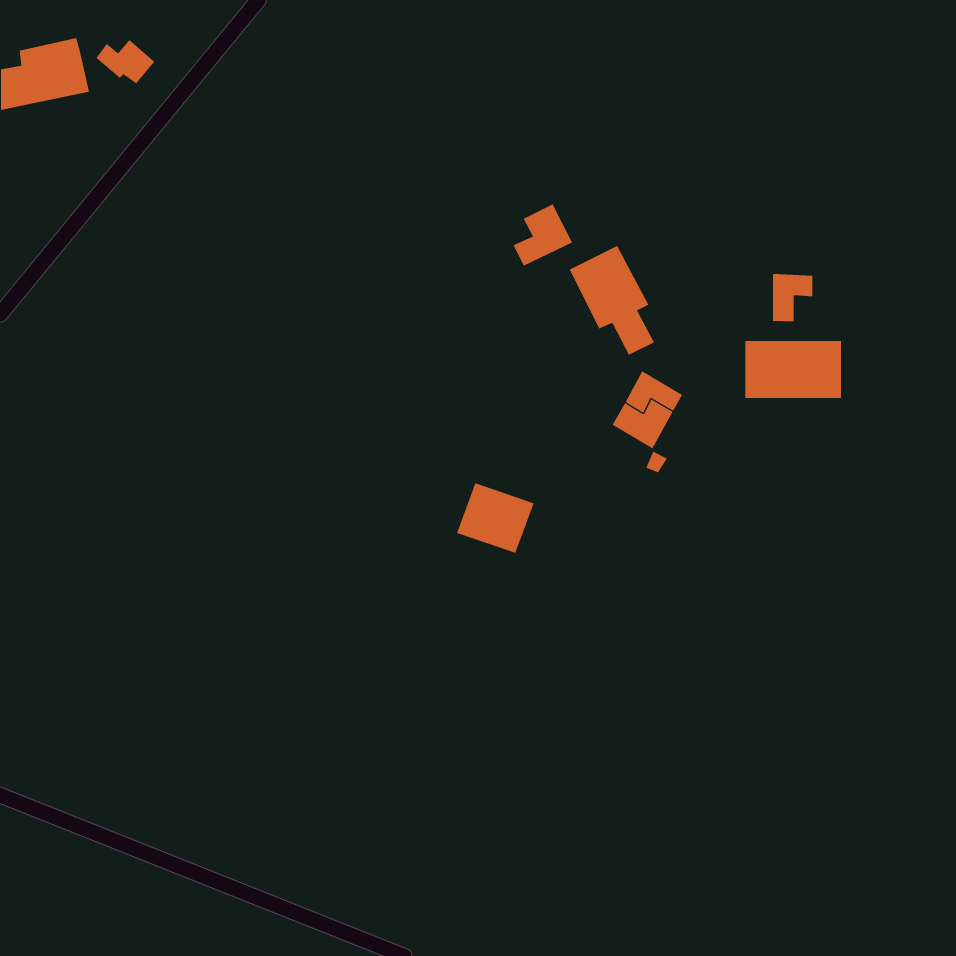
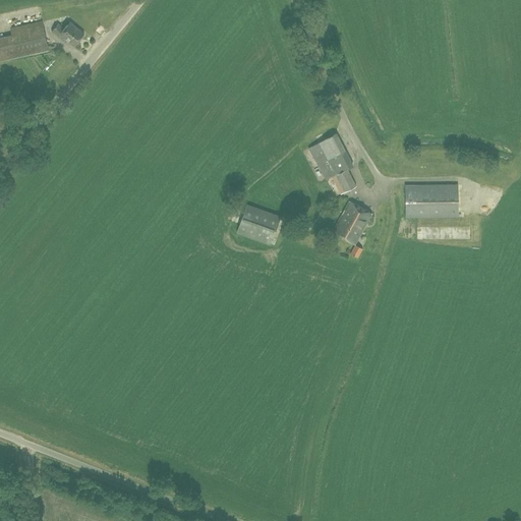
building: [513,203,573,266] -> none
building: [773,273,813,322] -> none
building: [456,483,535,554] -> [237,205,280,243]

